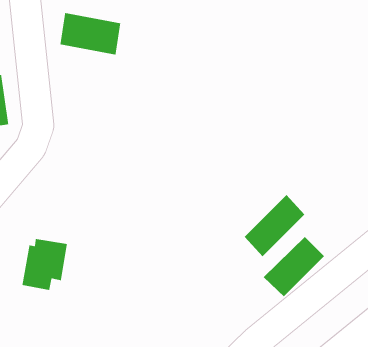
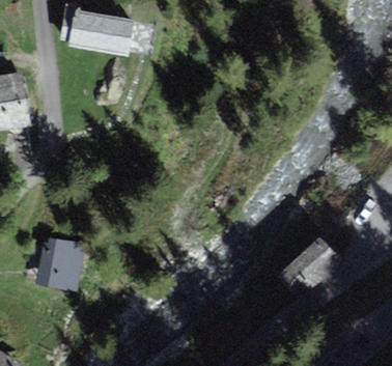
building: [244,194,305,257] -> none

